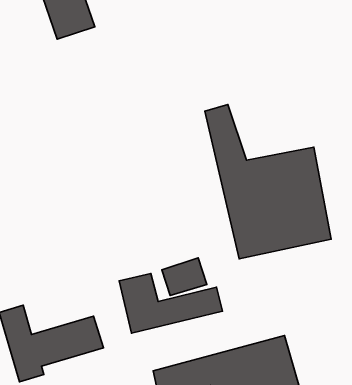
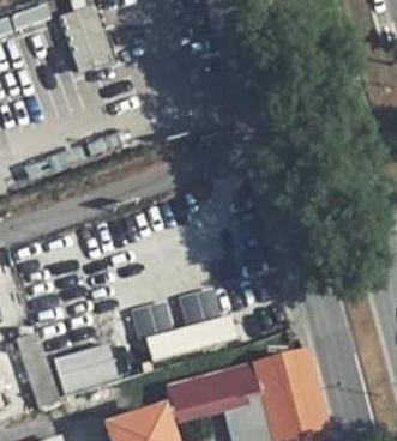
building: [205,104,331,259] -> none

